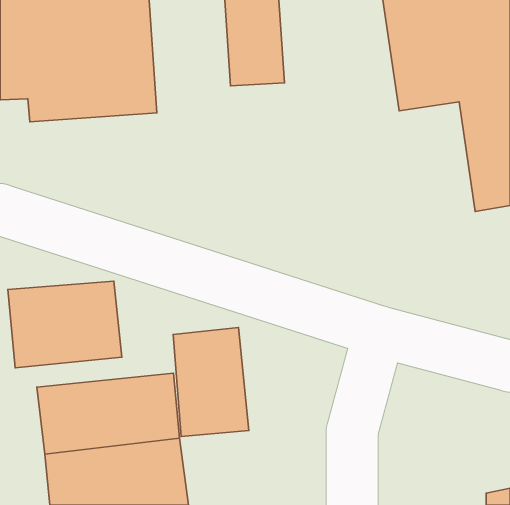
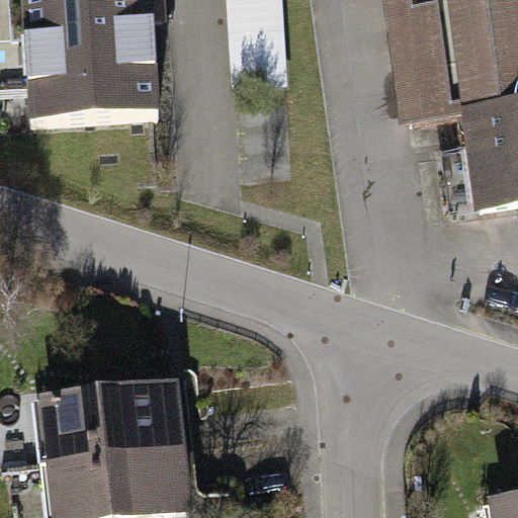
building: [8,281,122,368] -> none
building: [173,327,249,437] -> none

